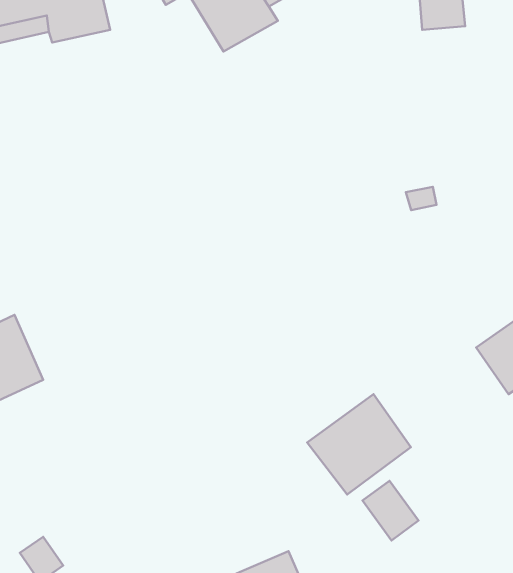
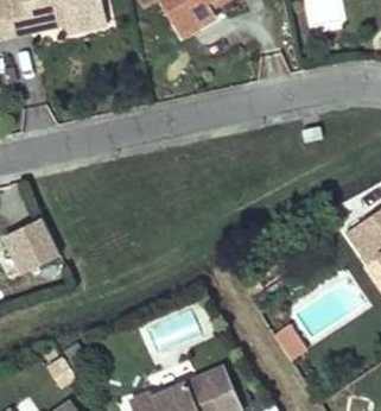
building: [307,394,411,494] -> none

